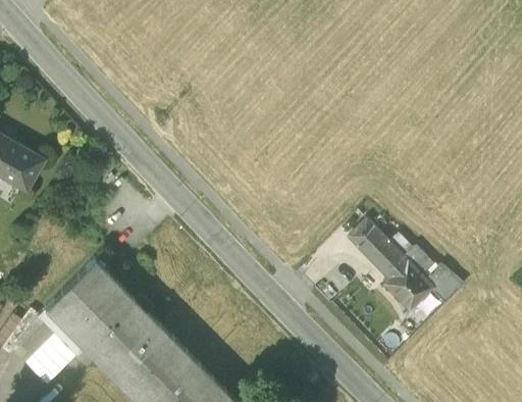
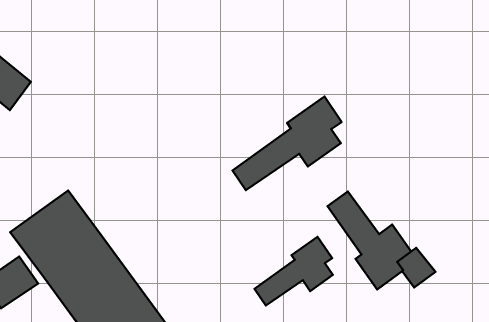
building: none -> [232,96,342,190]
building: none -> [255,237,333,305]

